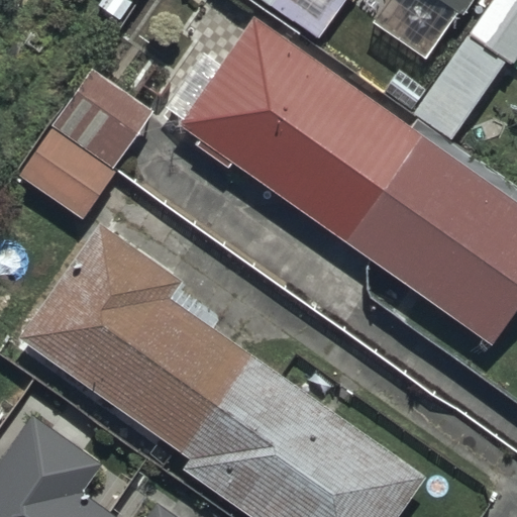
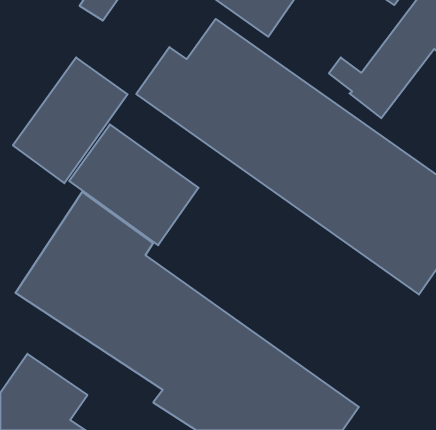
building: none -> [69,124,199,245]

